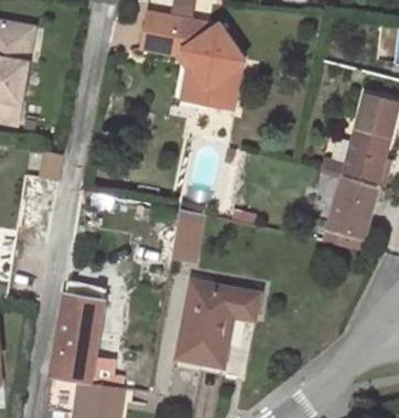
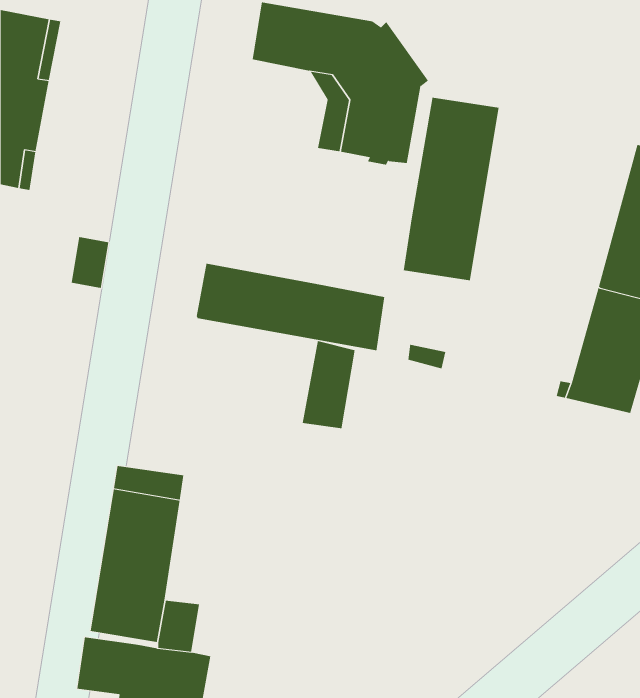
building: none -> [403,97,499,281]
building: none -> [196,263,385,351]
building: [179,282,259,365] -> none

